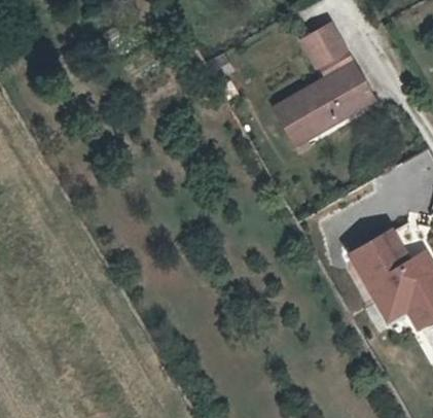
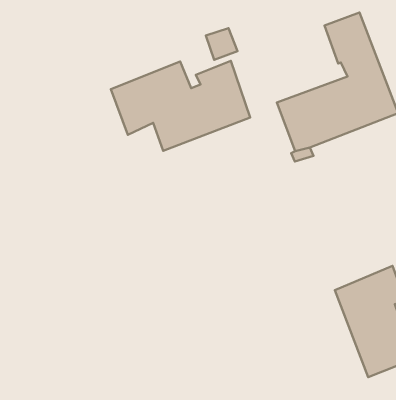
building: none -> [111,61,250,151]

